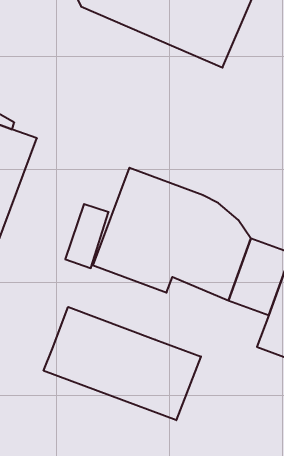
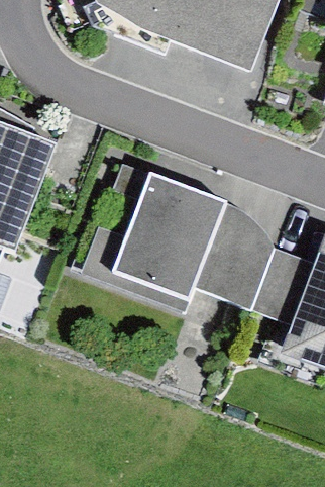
building: [44,307,201,420] -> none

